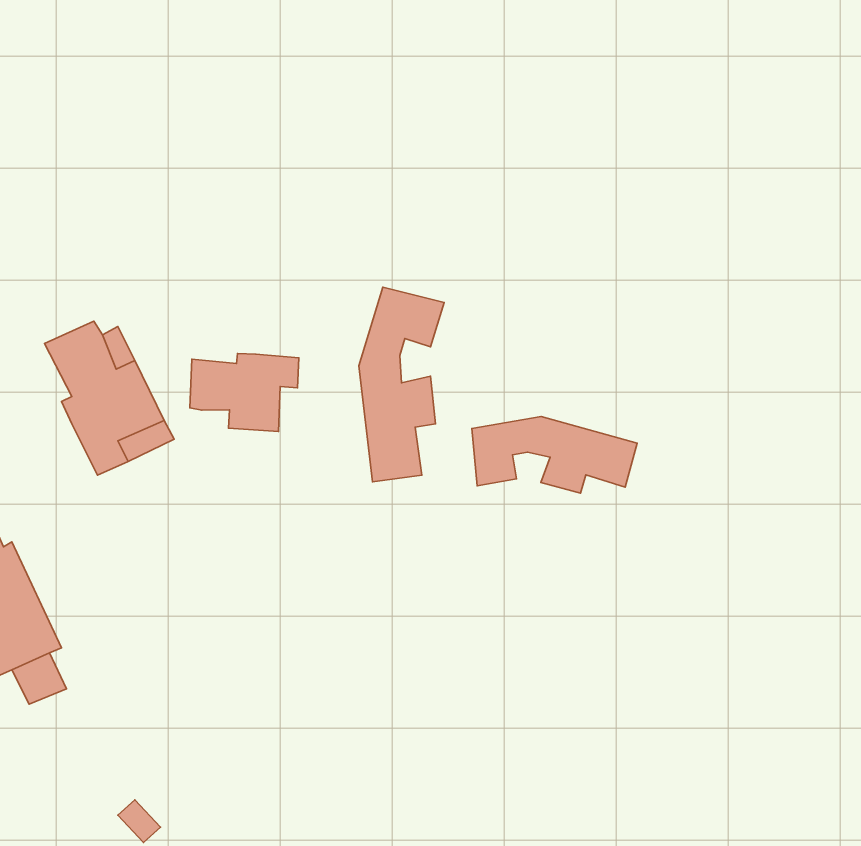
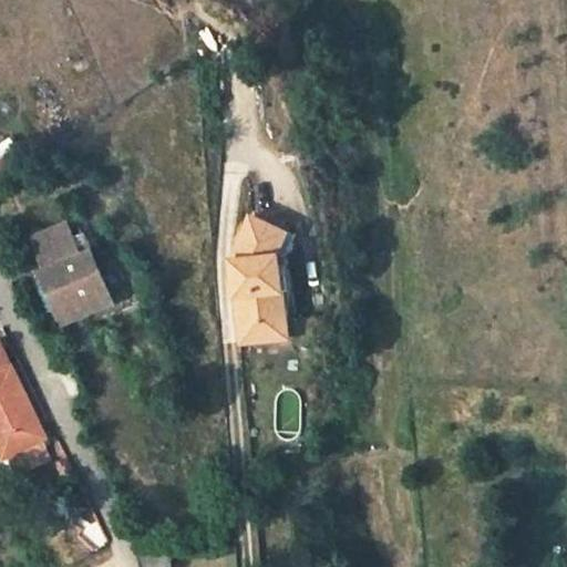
building: [190,353,299,432] -> none
building: [472,417,637,493] -> none

